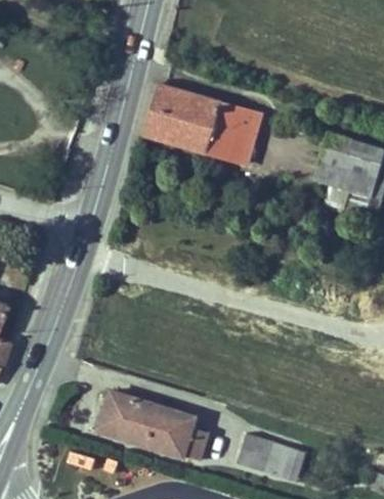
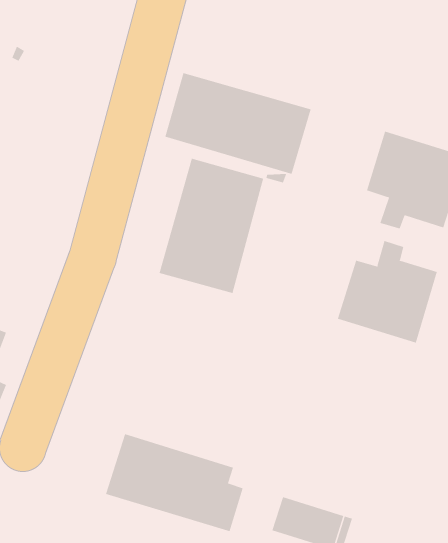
building: none -> [159,158,264,294]
building: none -> [337,240,438,344]

